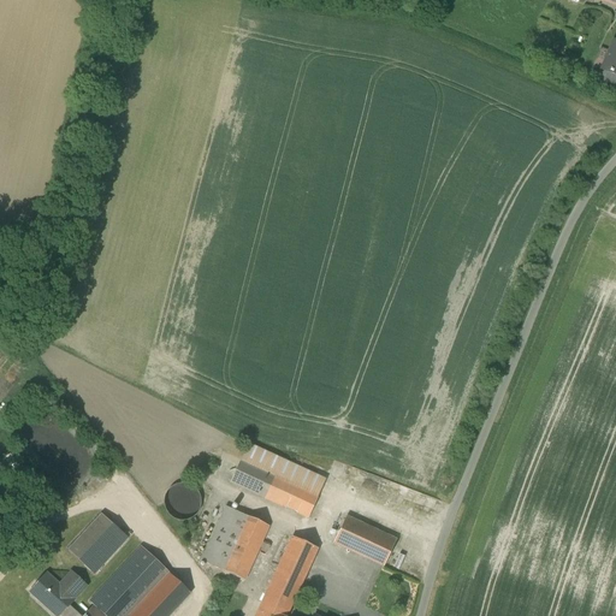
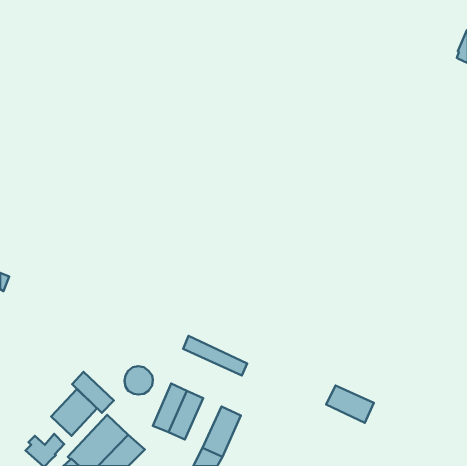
building: [231,458,319,515] -> none
building: none -> [72,372,114,413]
building: [333,515,396,564] -> [326,385,374,423]

